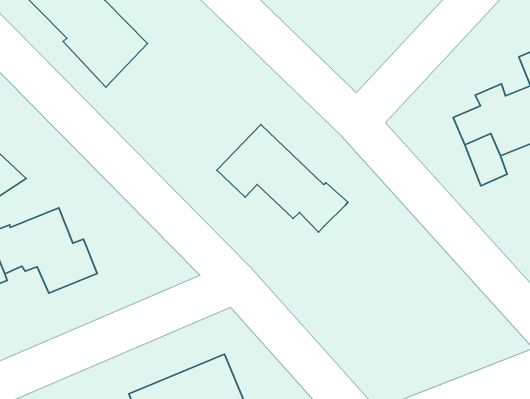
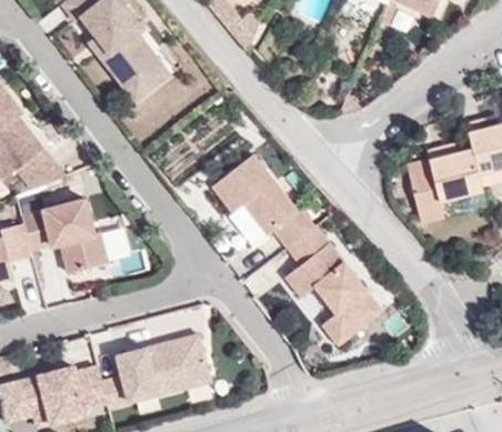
building: none -> [285,225,382,349]

